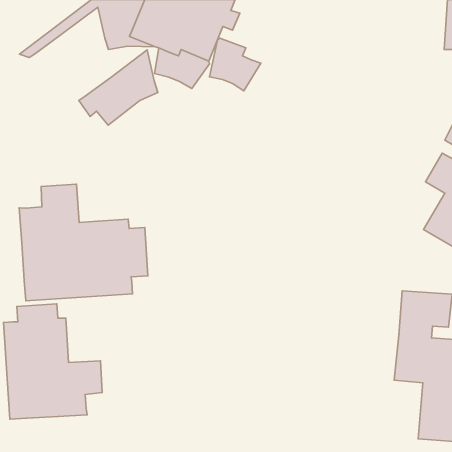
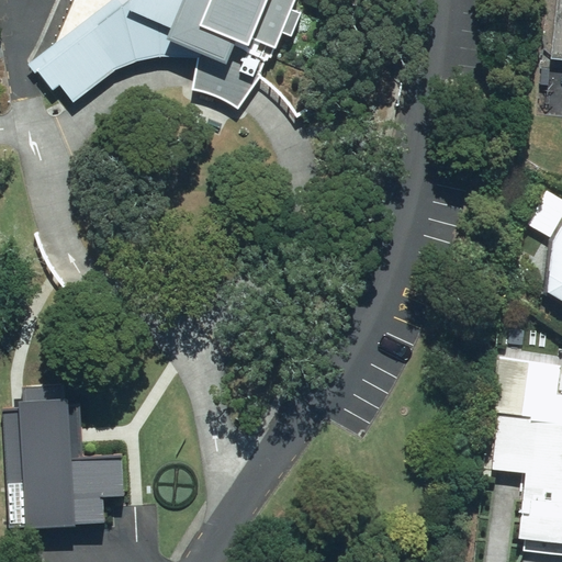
building: [209,38,261,91] -> none
building: [79,50,158,125] -> [38,9,136,102]
building: [19,184,148,301] -> none

